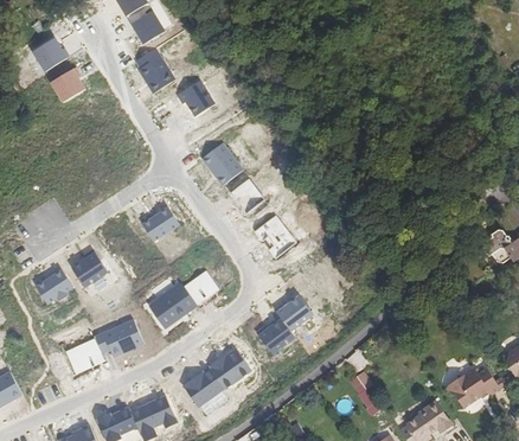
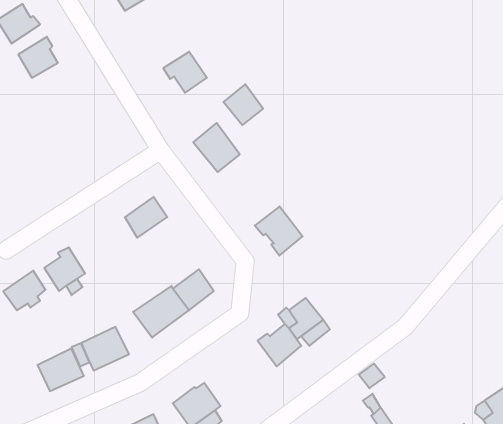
building: [135,49,174,92] -> none
building: [230,177,264,212] -> [223,84,263,125]
building: [210,347,252,386] -> none

